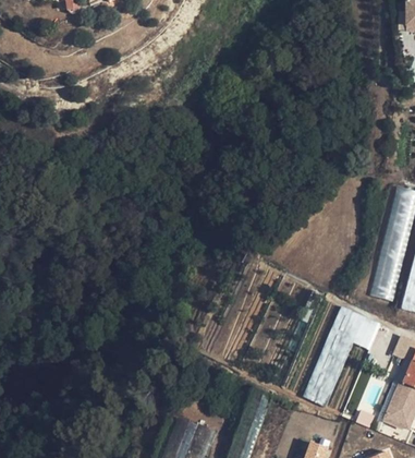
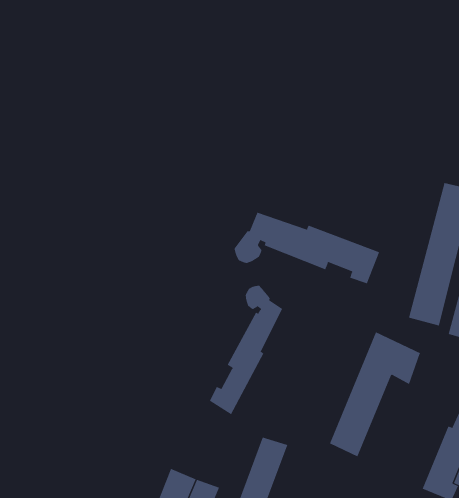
building: none -> [234,212,380,284]
building: none -> [209,285,283,415]

